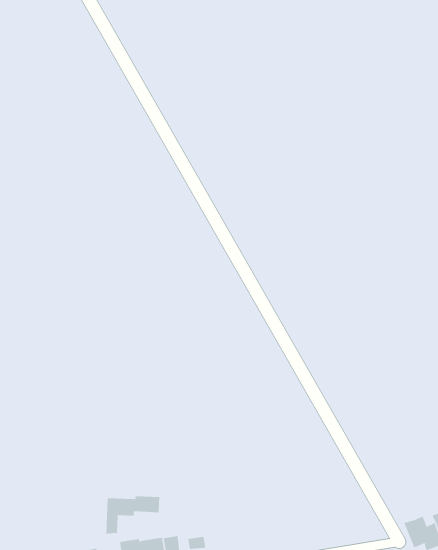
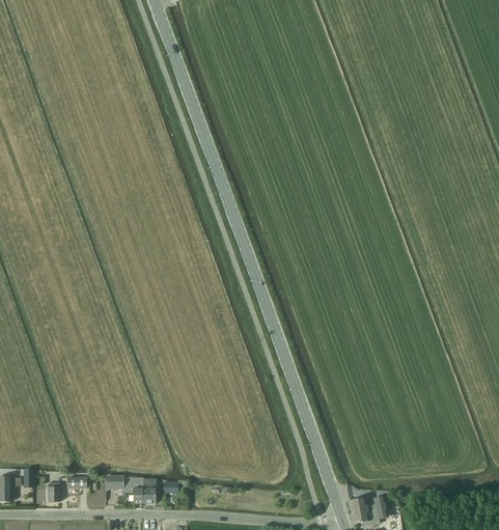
building: [106,496,160,535] -> none

